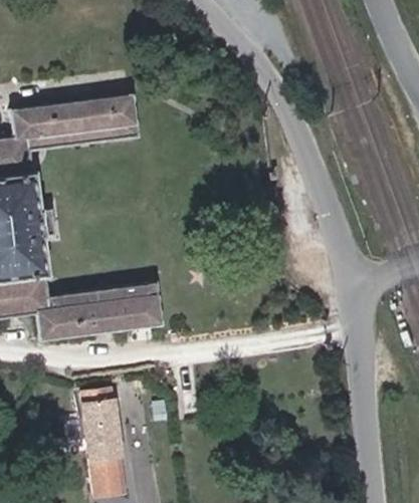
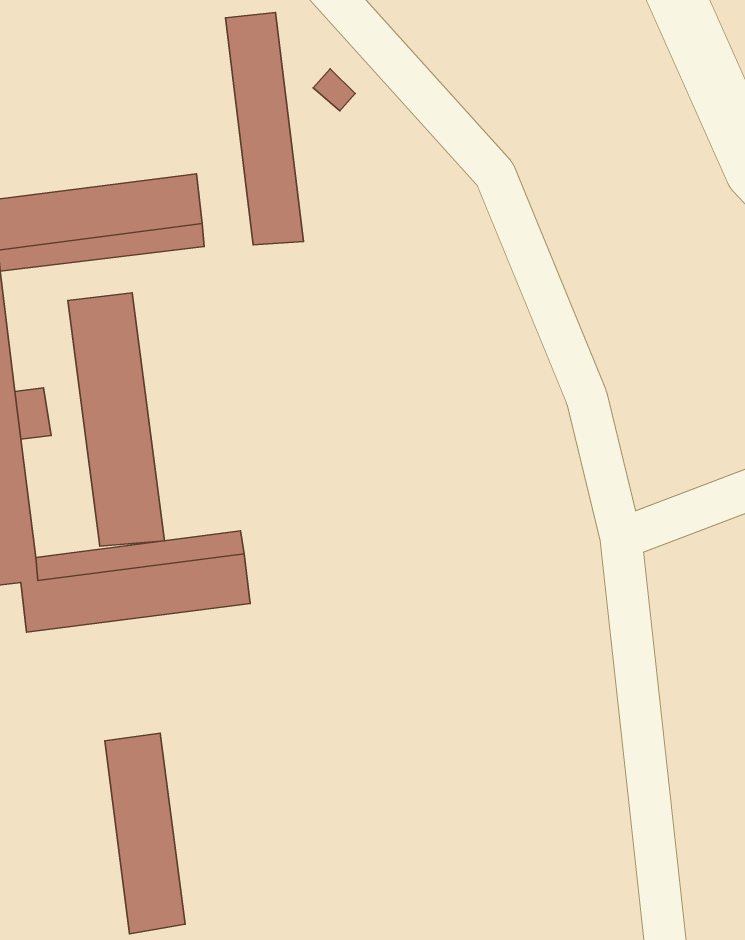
building: none -> [225,12,304,245]
building: none -> [68,293,165,546]

